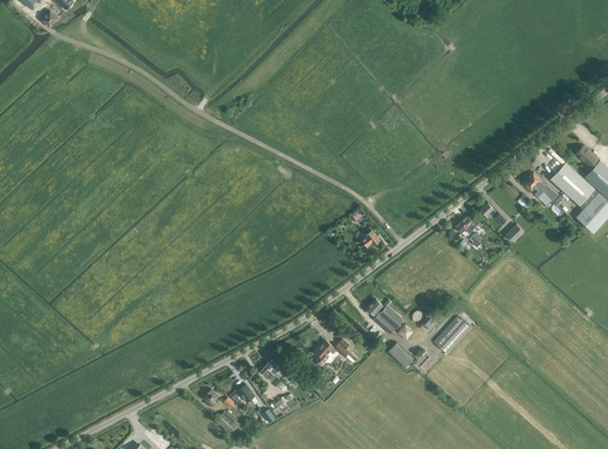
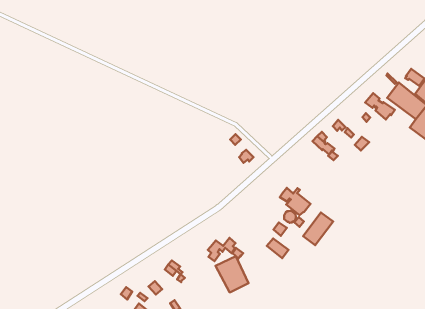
building: [366,298,404,333] -> [280,188,310,215]
building: none -> [215,256,248,292]

